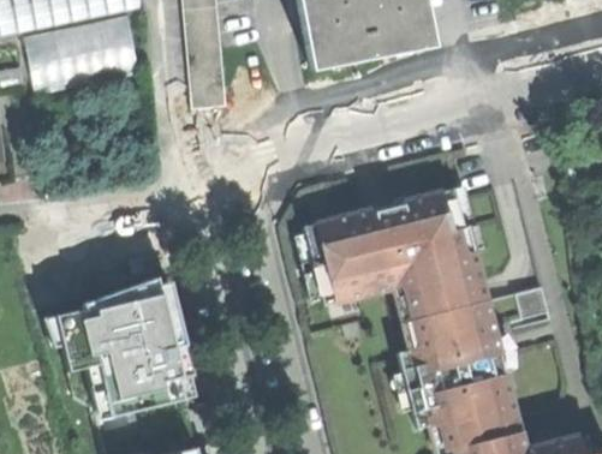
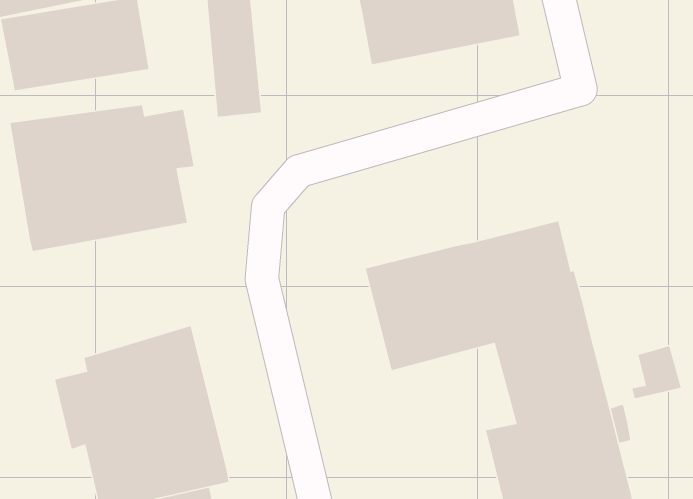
building: none -> [10,104,194,252]

